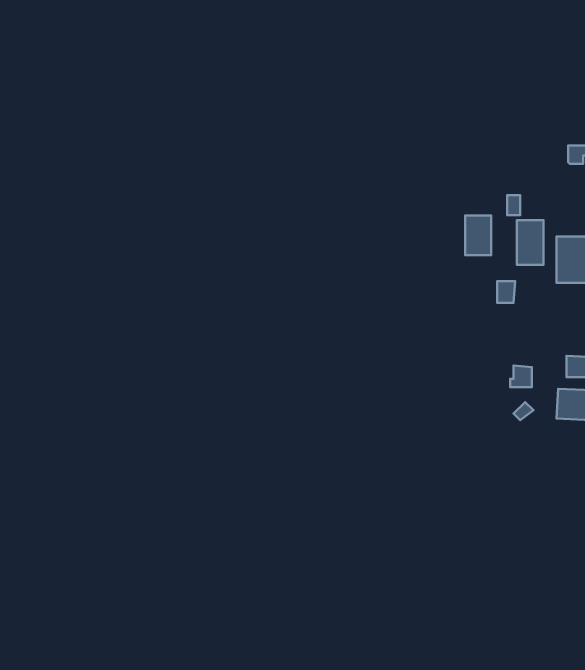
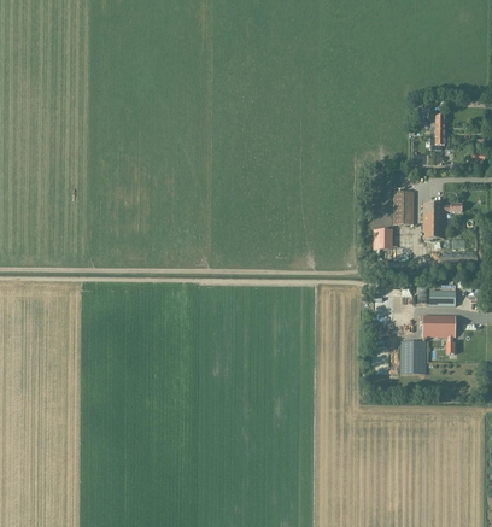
building: [465,216,491,255] -> none
building: none -> [402,339,427,371]

